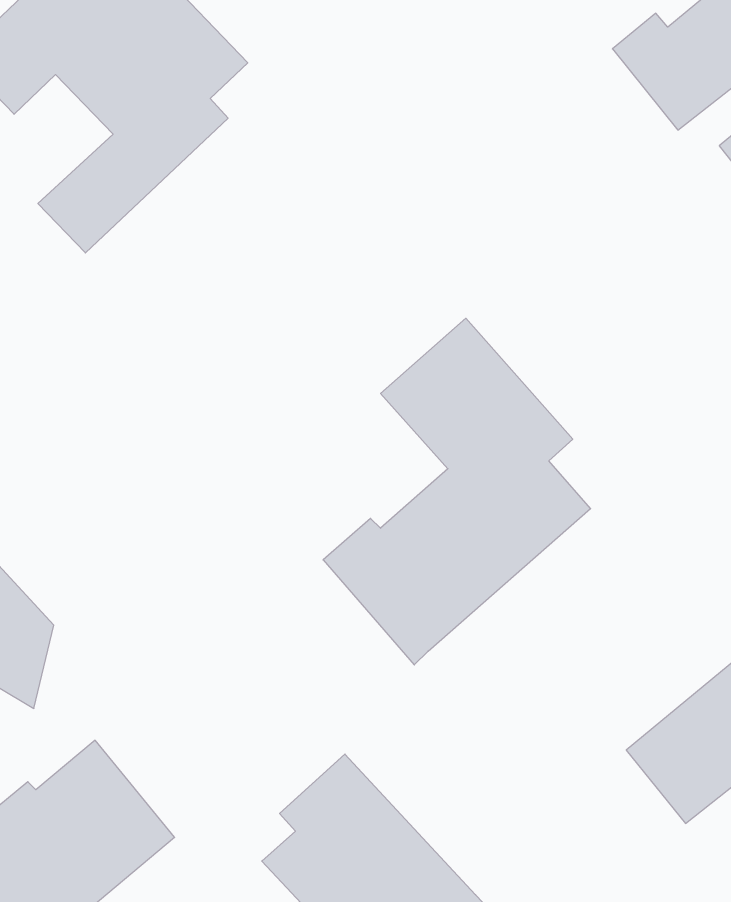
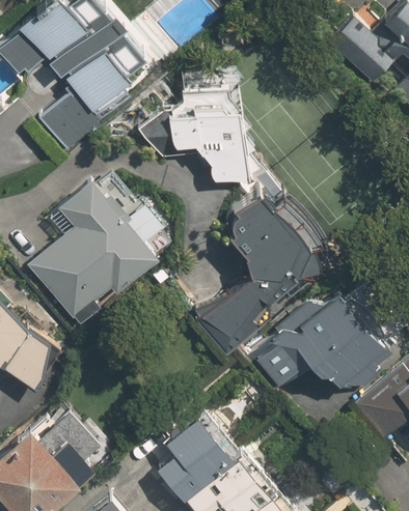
building: none -> [137,59,247,186]
building: none -> [28,175,144,319]
building: none -> [243,286,388,396]

